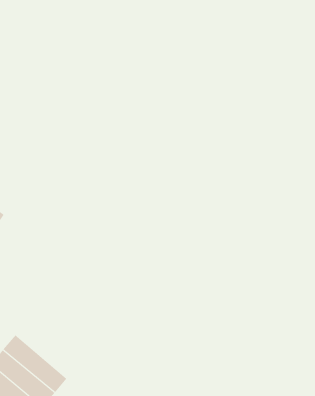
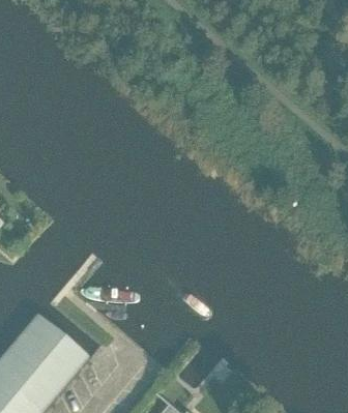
building: none -> [25,313,89,372]

